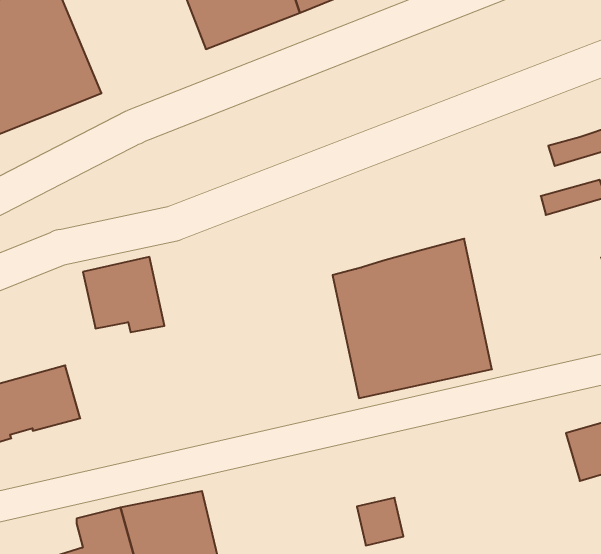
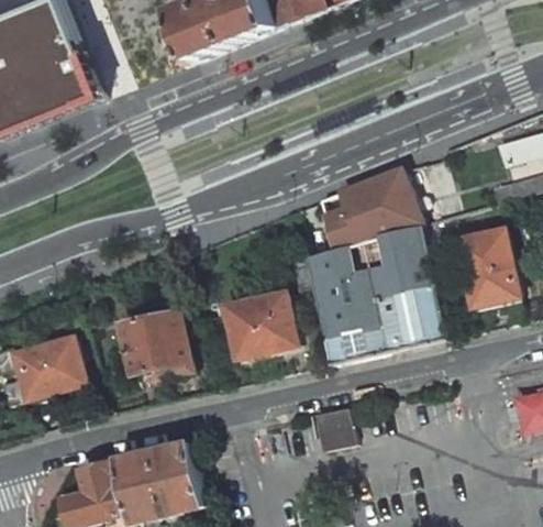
building: none -> [322,167,421,249]
building: none -> [456,227,517,300]
building: [83,257,164,332] -> [120,308,191,374]
building: none -> [224,290,295,354]
building: [357,498,403,545] -> [312,410,353,452]

